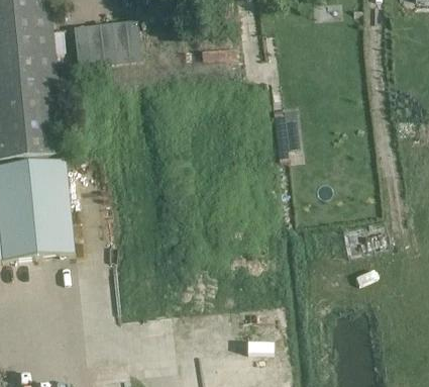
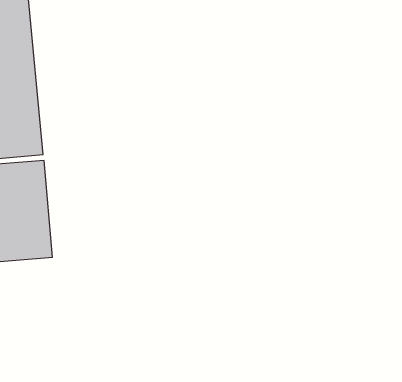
building: [73,17,142,68] -> none

